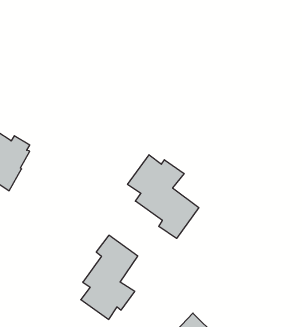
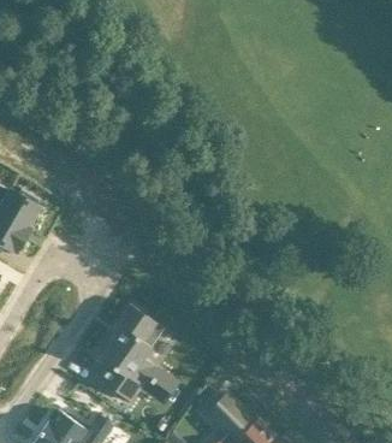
building: [128,155,199,238] -> none

